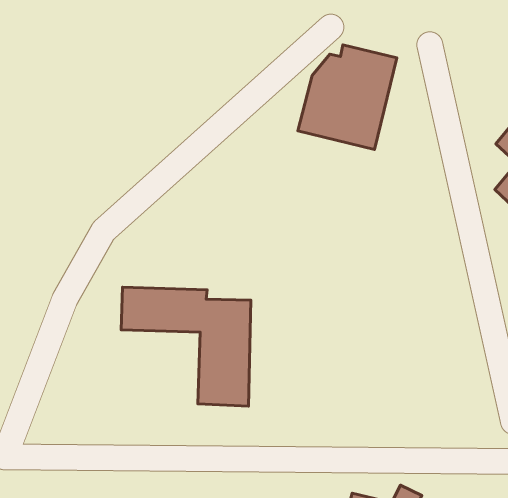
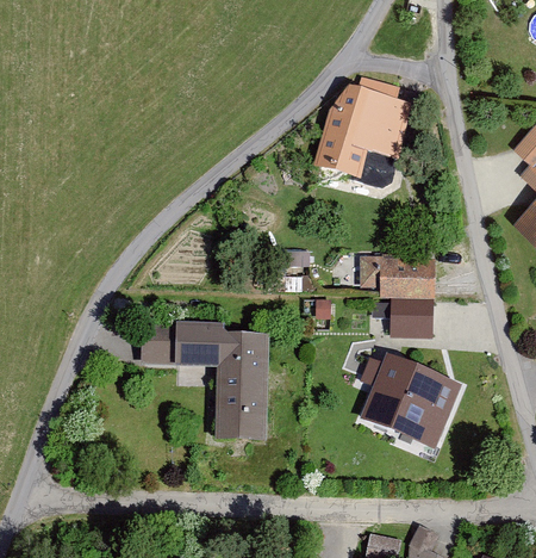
building: none -> [361,256,432,335]
building: none -> [363,359,462,451]

